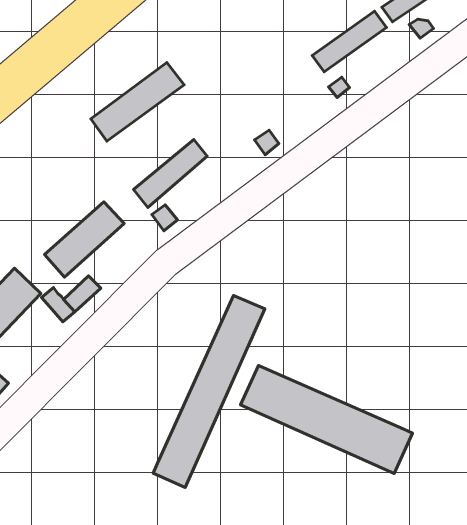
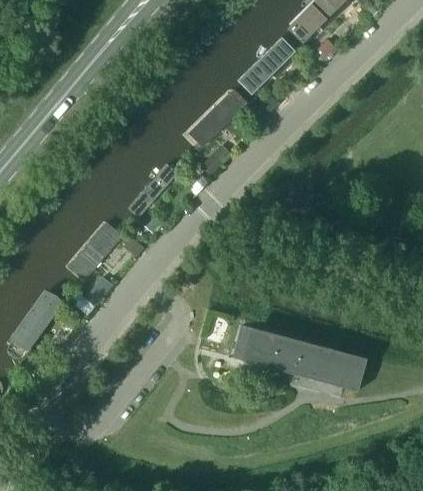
building: [91,62,184,141] -> [182,84,249,151]
building: [153,295,265,488] -> none

